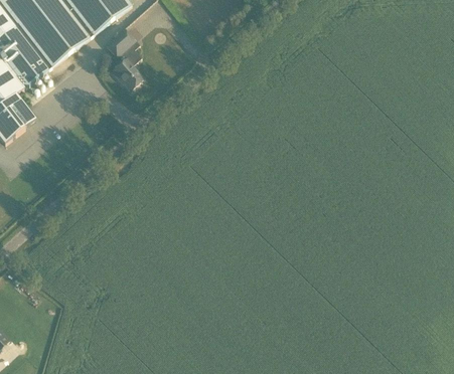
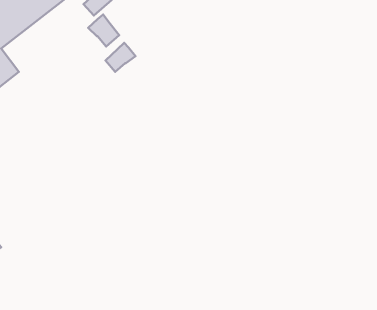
building: none -> [106,43,135,72]

